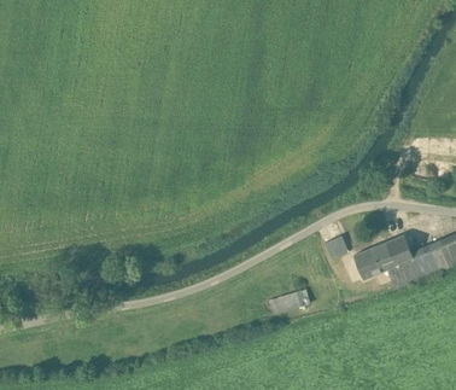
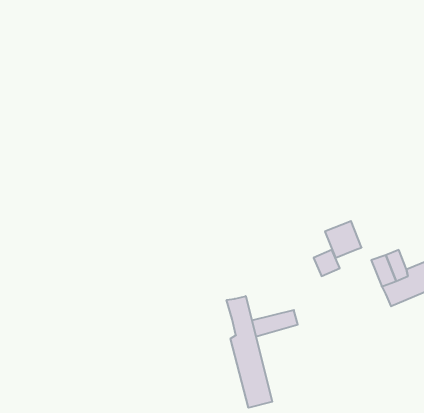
building: [355,245,388,279] -> [325,221,362,258]
building: none -> [227,296,272,408]

